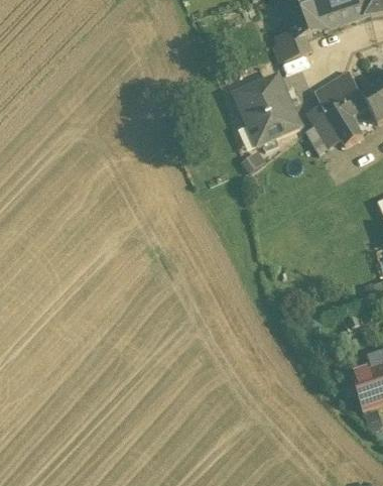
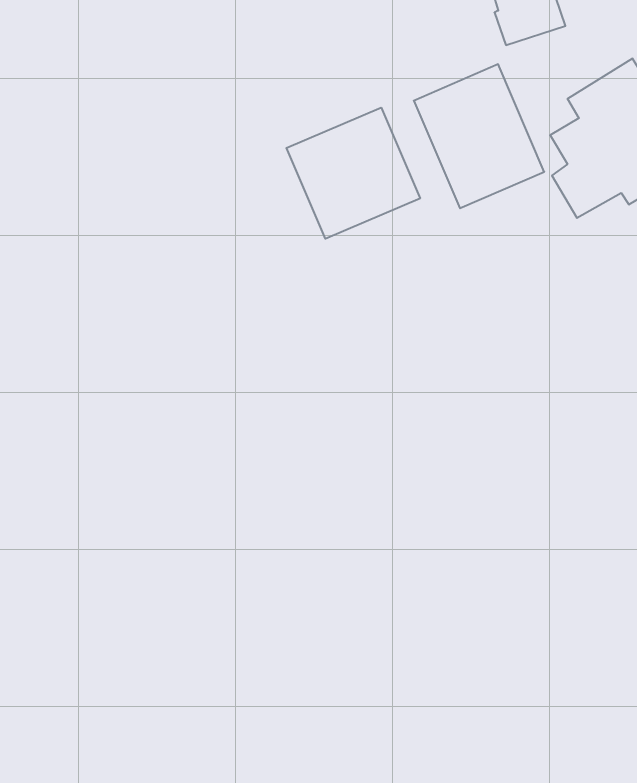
building: none -> [286,108,420,239]

